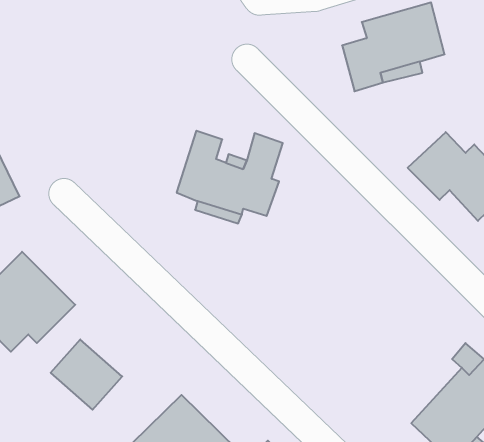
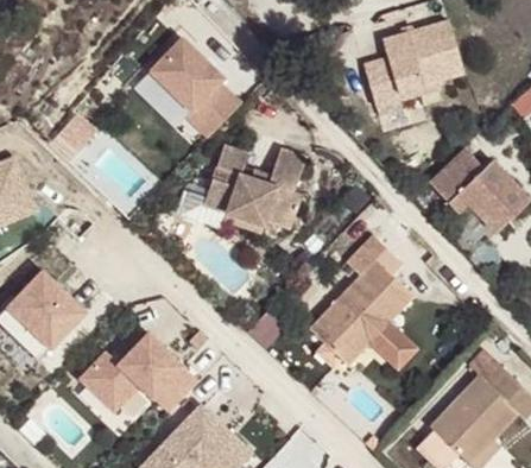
building: none -> [138,32,255,147]
building: none -> [306,235,415,371]
building: none -> [124,325,207,410]

